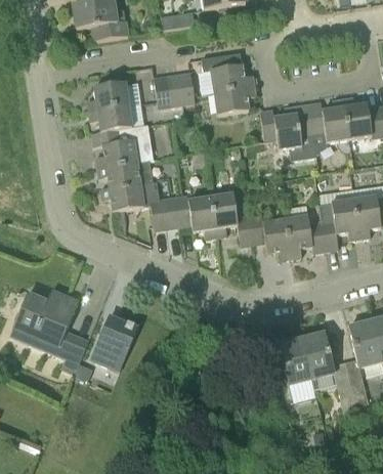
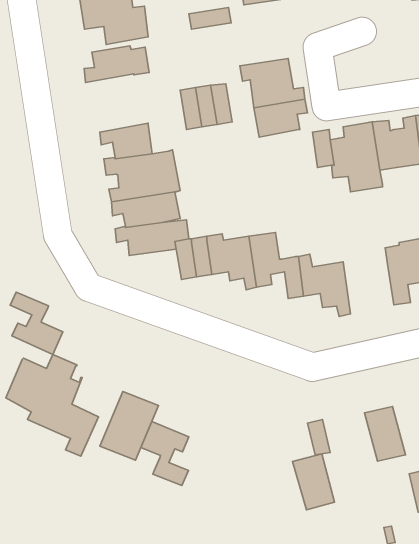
building: [88,82,140,112] -> [84,46,149,83]
building: [285,213,326,258] -> none
building: none -> [10,292,63,355]
building: [279,338,312,383] -> [293,454,335,510]
building: none -> [141,421,189,485]

